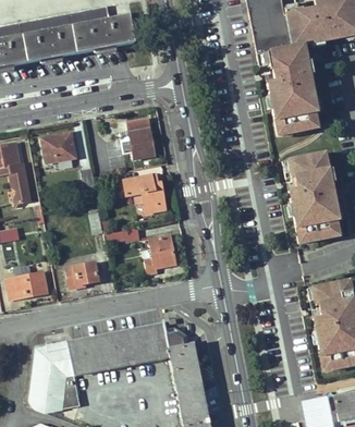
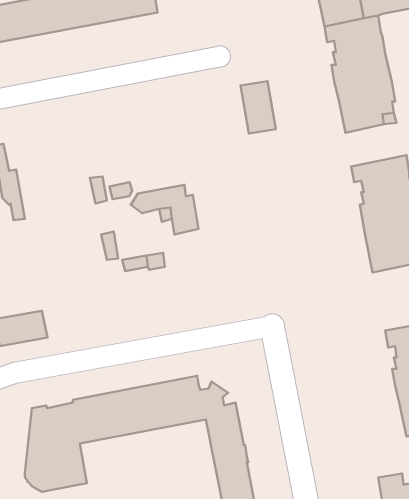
building: [128,118,156,158] -> [241,81,276,133]
building: [42,135,76,162] -> none
building: [146,235,175,273] -> none
building: [68,260,99,289] -> none

